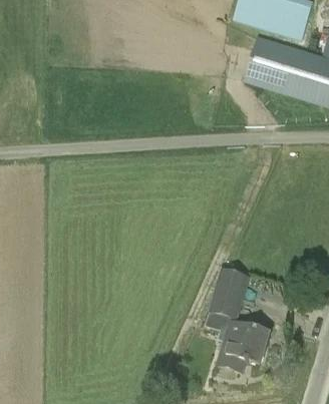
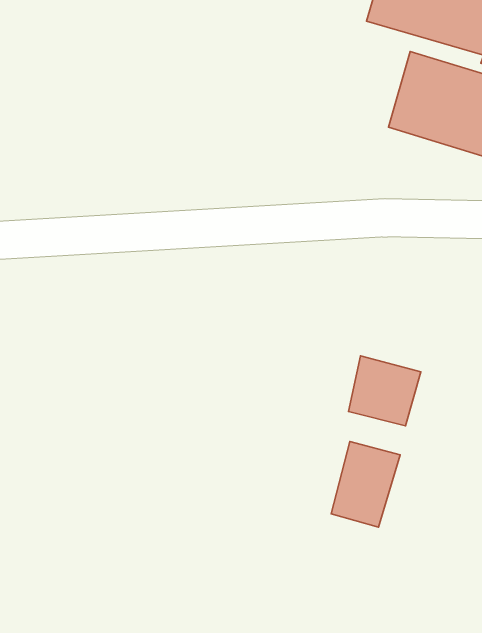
building: none -> [349,356,421,426]
building: [217,321,269,369] -> none

